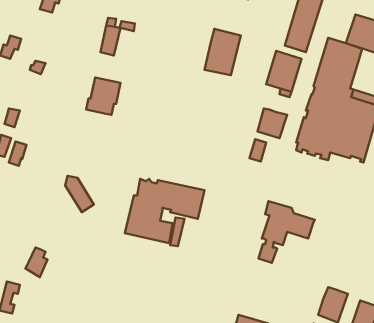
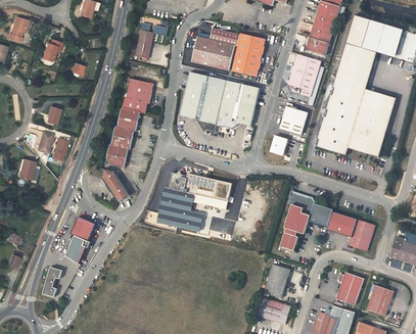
building: none -> [345,14,371,47]
building: none -> [191,29,240,70]
building: none -> [179,73,260,132]
building: none -> [106,108,140,169]
building: none -> [326,212,375,251]
building: none -> [71,217,96,248]
building: none -> [264,265,289,298]

